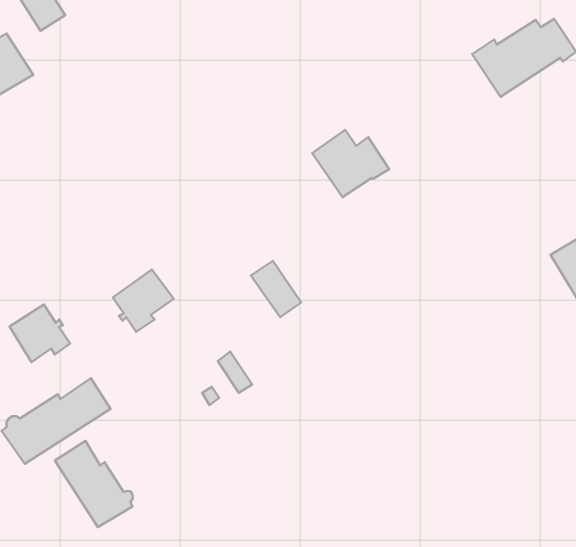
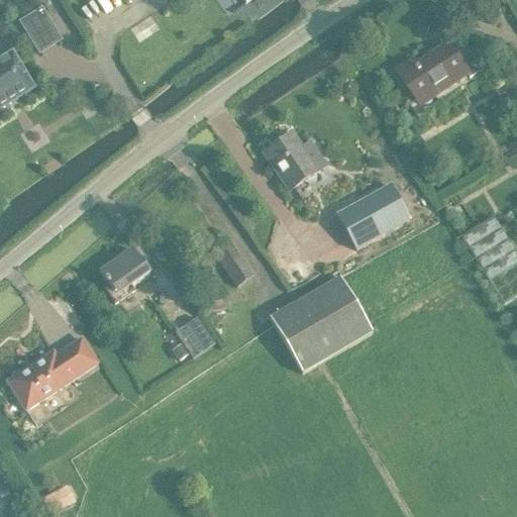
building: none -> [337,183,410,247]
building: none -> [270,275,373,371]
building: [9,304,70,362] -> none
building: [55,441,133,527] -> none

